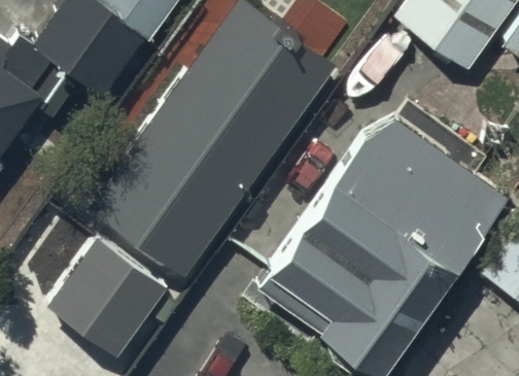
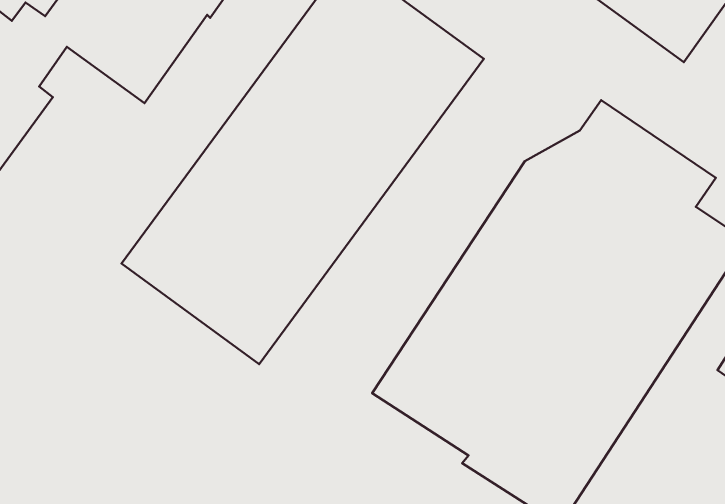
building: [50,239,165,354] -> none

